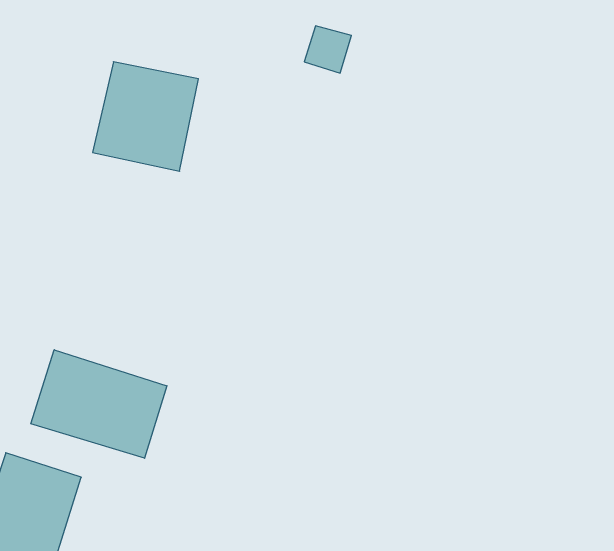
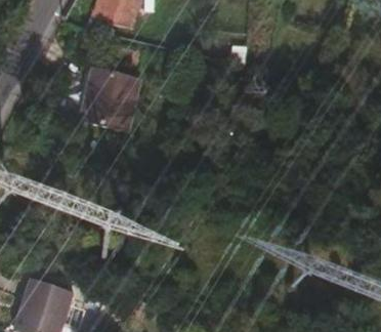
building: [31,350,167,458] -> none

